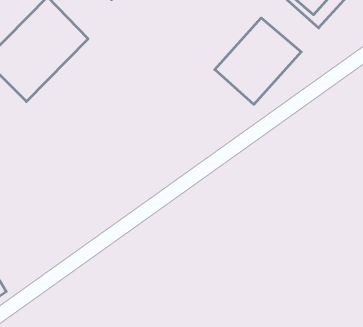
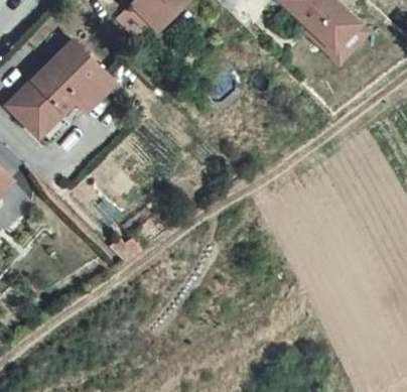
building: [215,18,301,104] -> none

